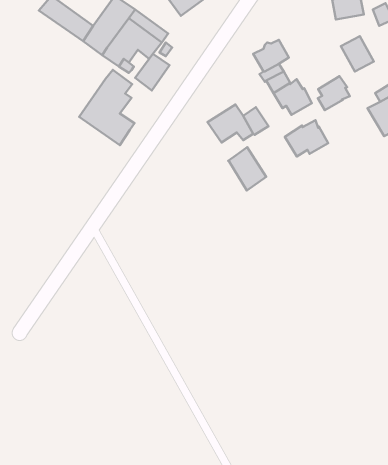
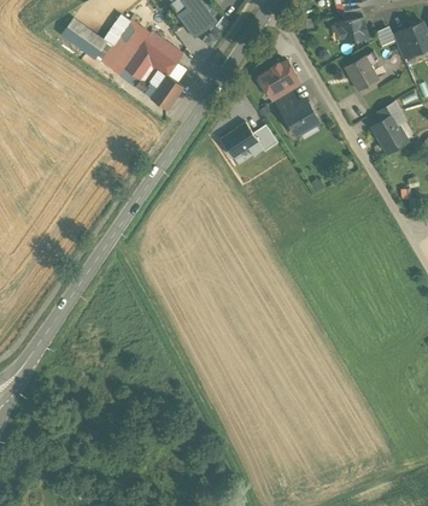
building: [79,70,134,145] -> none
building: [318,76,350,110] -> none
building: [285,120,328,156] -> none
building: [228,147,266,190] -> none

